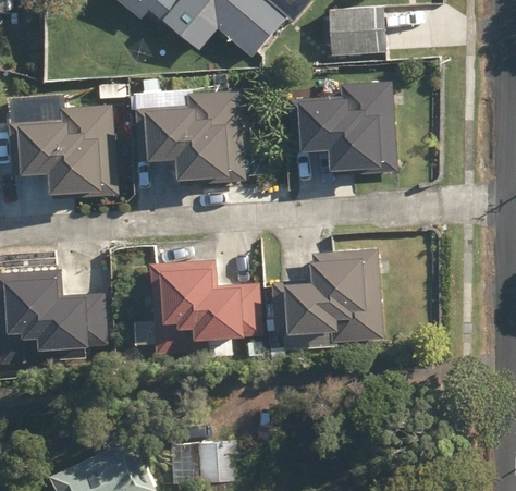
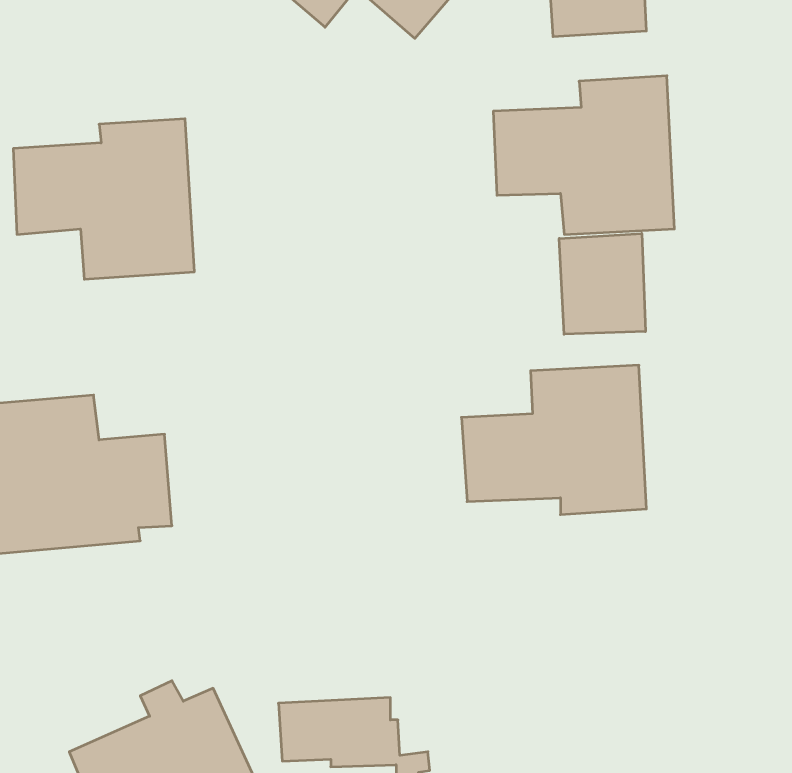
building: [137,91,247,185] -> none
building: none -> [559,233,645,334]
building: [152,256,262,347] -> none

